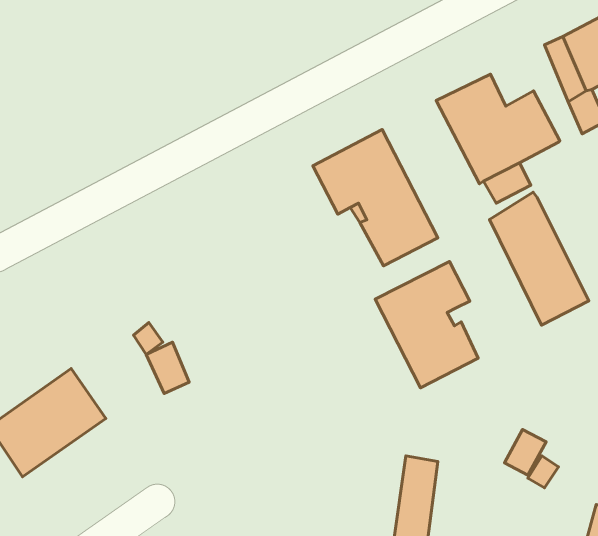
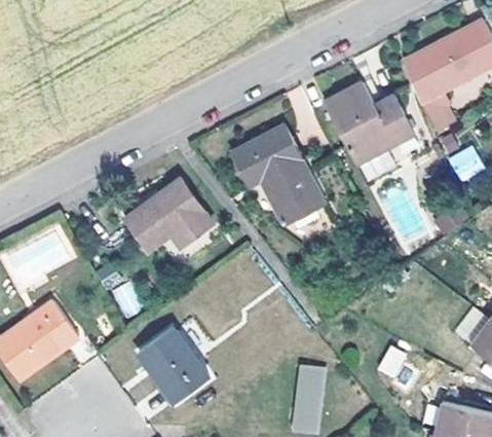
building: [489,192,589,325] -> none
building: none -> [125,179,214,250]
building: [375,261,478,388] -> none
building: none -> [139,326,210,402]

